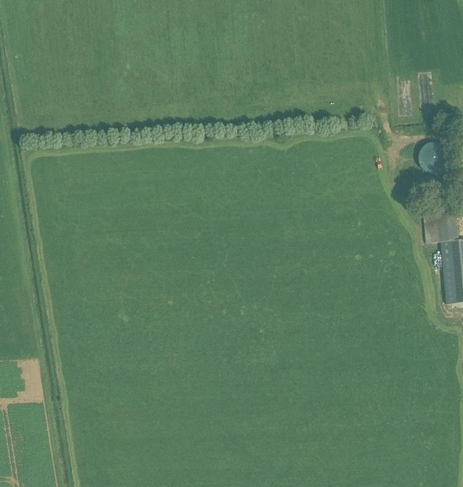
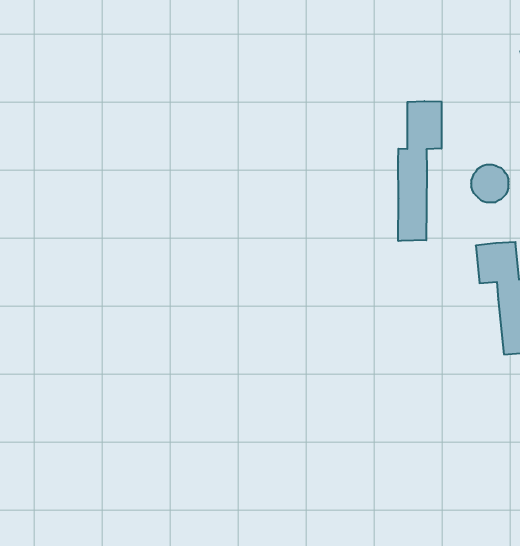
building: none -> [398,101,441,241]

